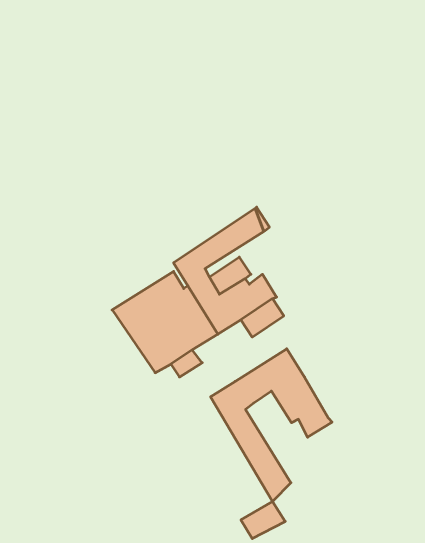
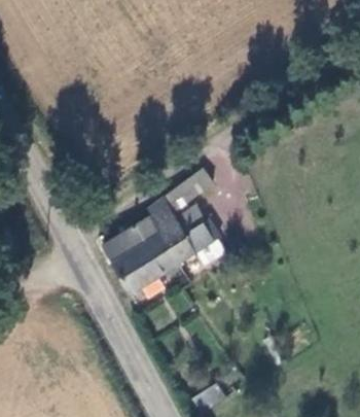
building: [211,349,332,501] -> none

